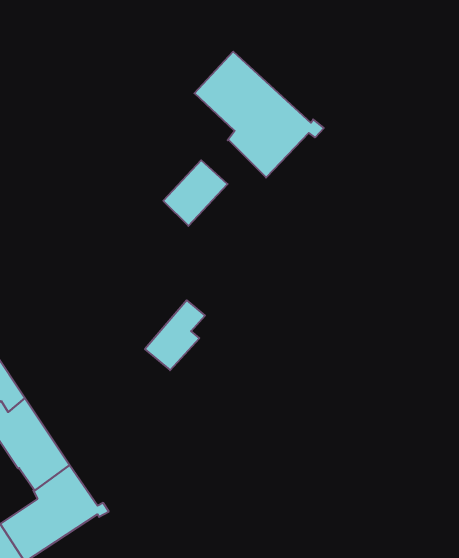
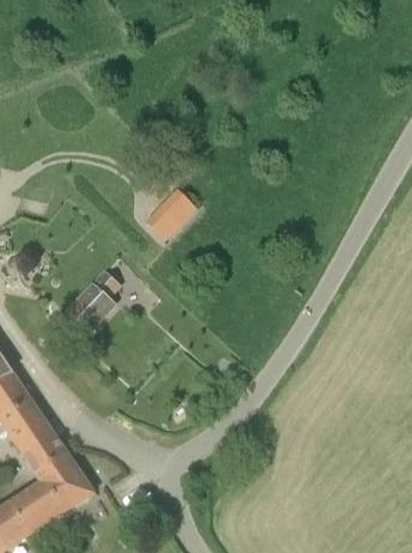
building: [194,52,324,178] -> none
building: [145,300,205,370] -> [67,270,118,330]

